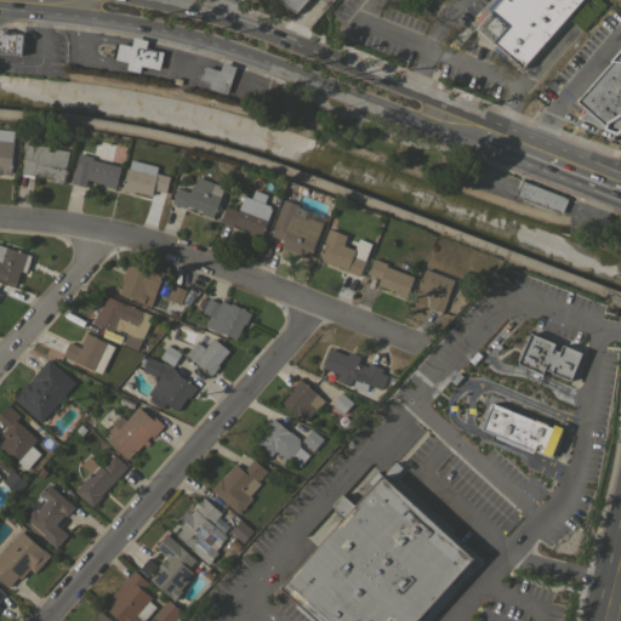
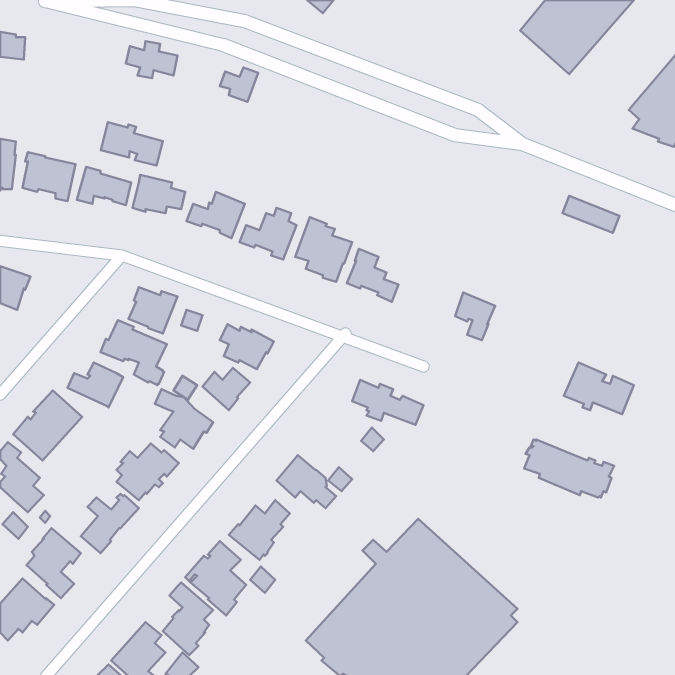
building: none -> [101,122,163,166]
building: [369,260,415,298] -> none
building: [283,380,325,422] -> none

